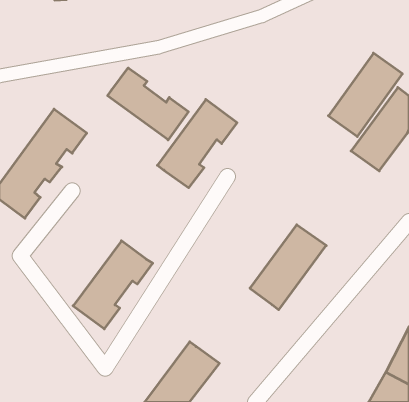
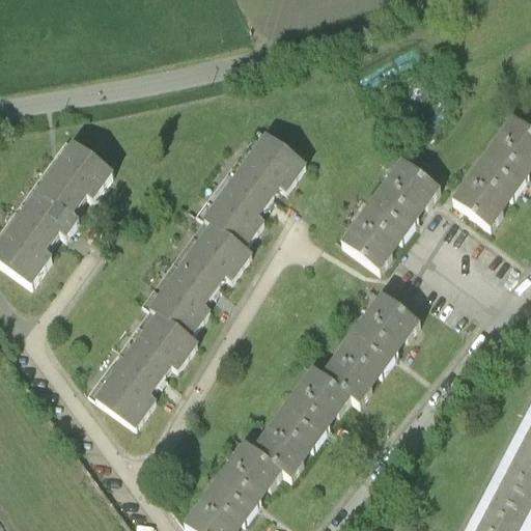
building: [328,53,402,137] -> [342,157,438,264]
building: [108,68,188,140] -> none
building: none -> [148,220,252,335]
building: none -> [253,366,352,476]

